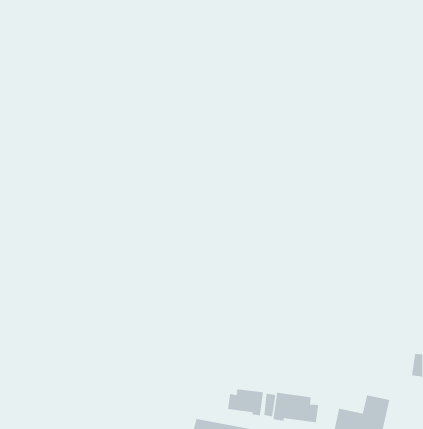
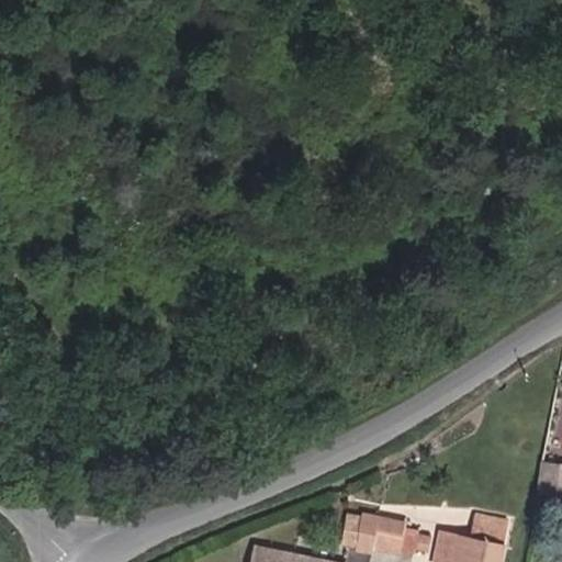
building: [227,388,264,416] -> none

